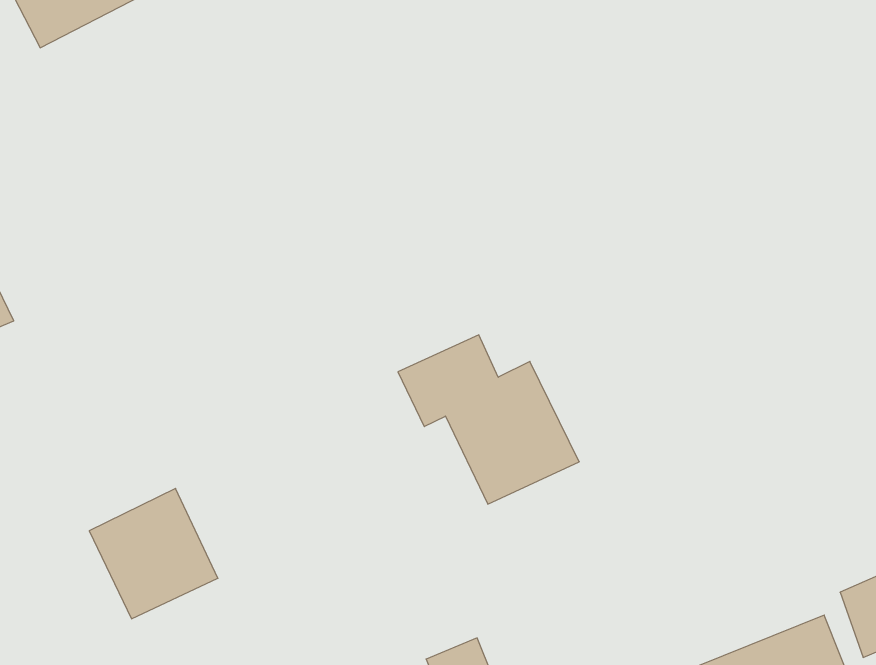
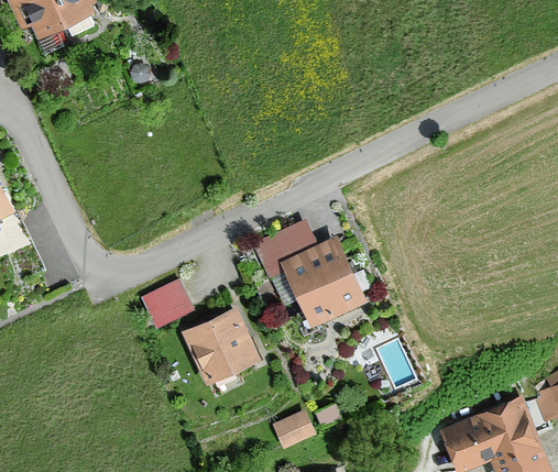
building: none -> [143,281,193,328]
building: [89,488,218,619] -> [183,306,263,387]

